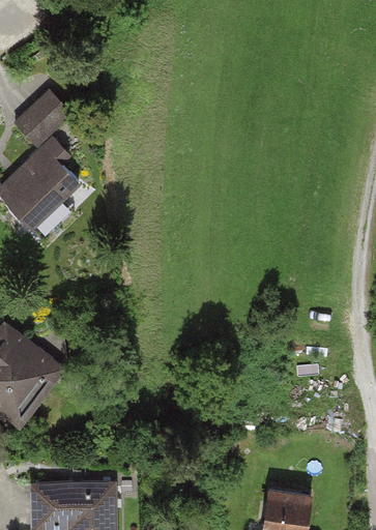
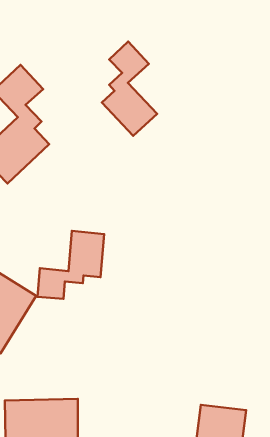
building: none -> [102,42,157,136]
building: none -> [37,231,104,299]

